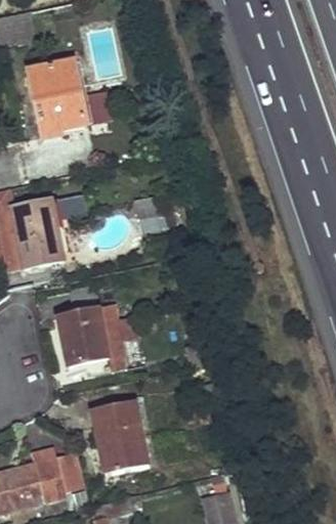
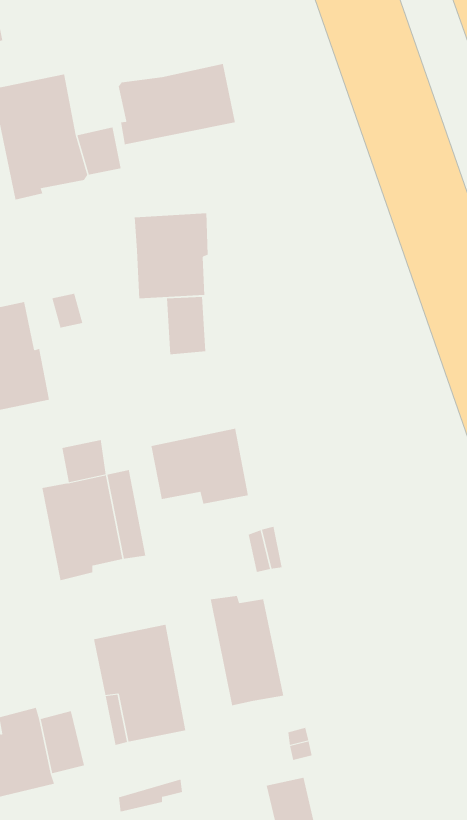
building: none -> [118,63,235,145]
building: none -> [134,213,208,299]
building: none -> [151,428,249,504]
building: none -> [210,595,284,706]

